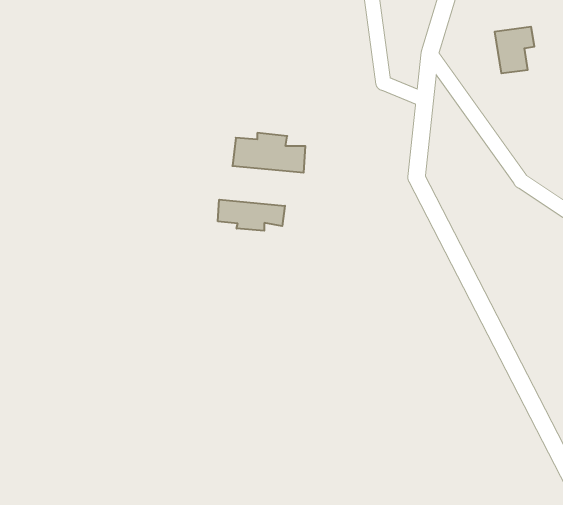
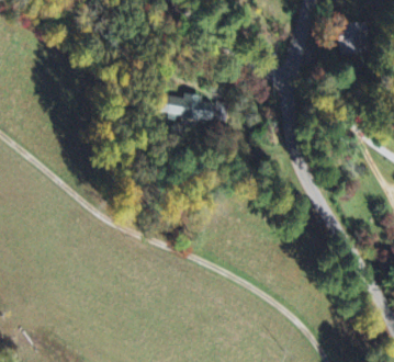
building: [218,200,285,231] -> none

